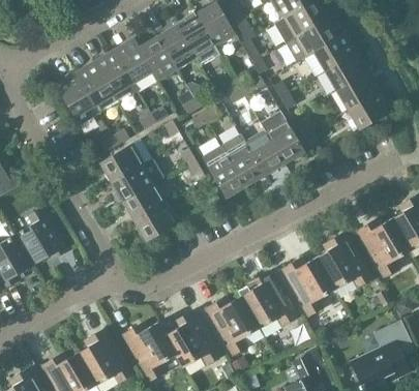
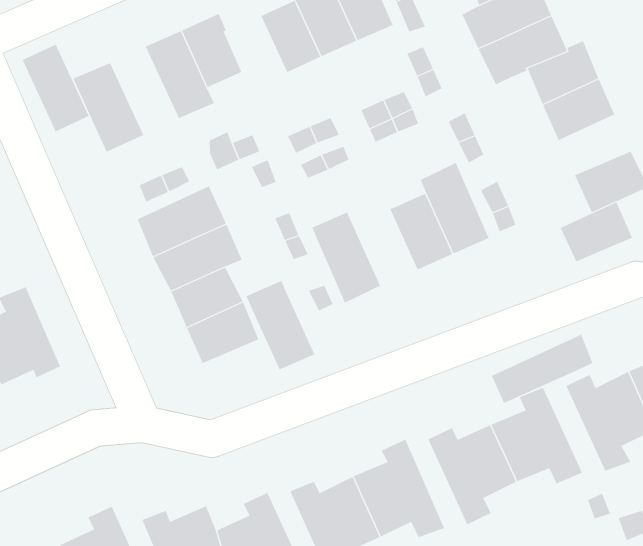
building: [139,37,177,82] -> none
building: [76,62,118,113] -> [22,44,90,132]
building: [336,71,379,109] -> [560,202,633,262]
building: [220,132,264,184] -> [246,280,315,370]
building: none -> [491,334,593,404]

